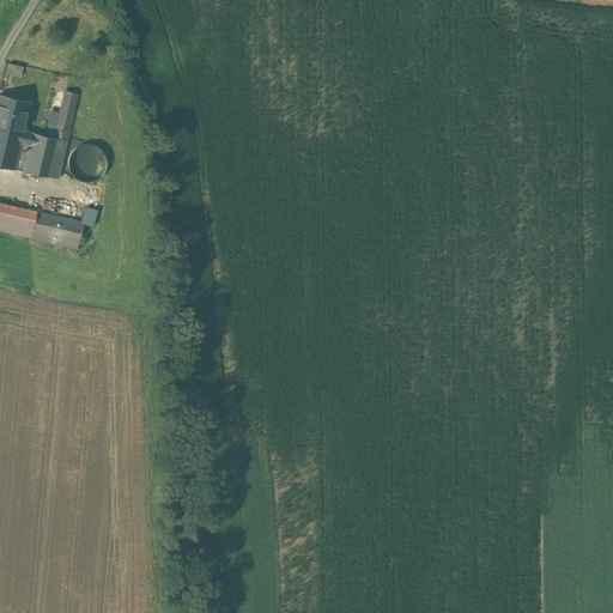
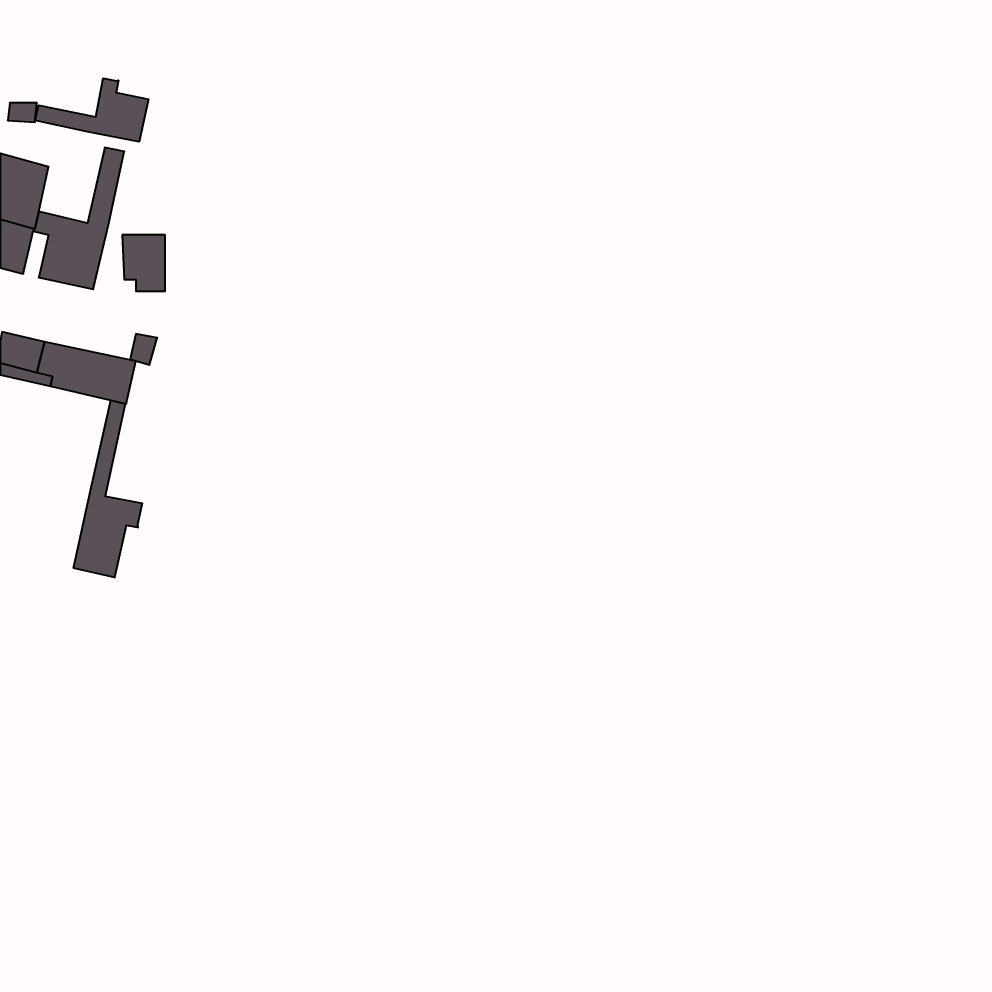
building: none -> [35,78,148,142]
building: none -> [74,400,142,578]

